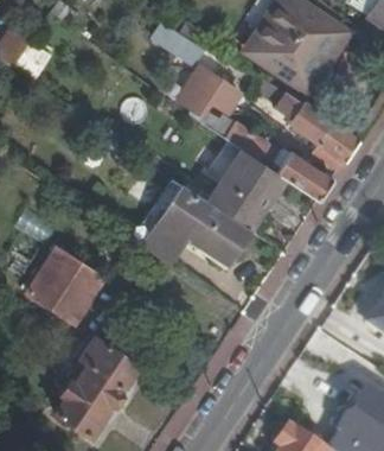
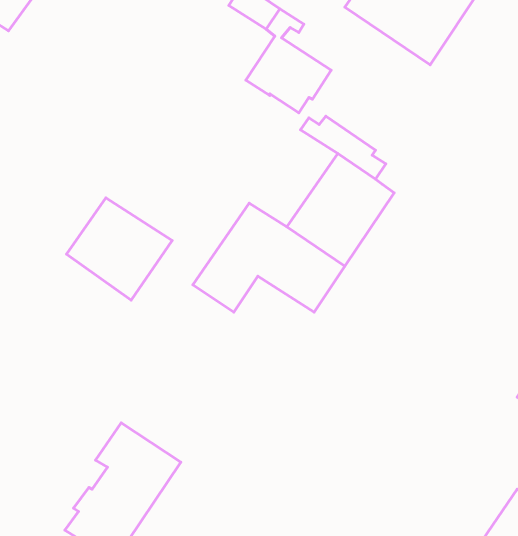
building: [276,94,359,170] -> none
building: [274,153,331,203] -> none
building: [26,250,100,322] -> [66,198,172,300]

